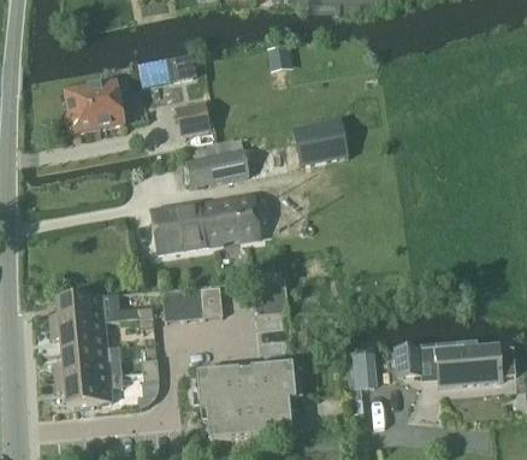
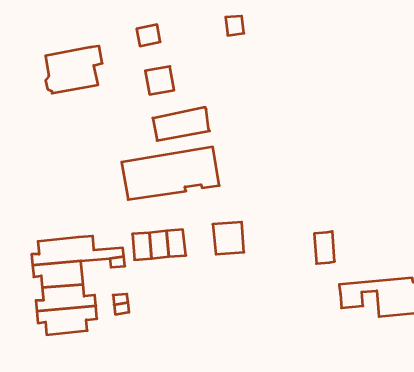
building: [295,118,349,165] -> none
building: [353,353,375,389] -> [314,231,335,264]
building: [197,362,297,438] -> none

